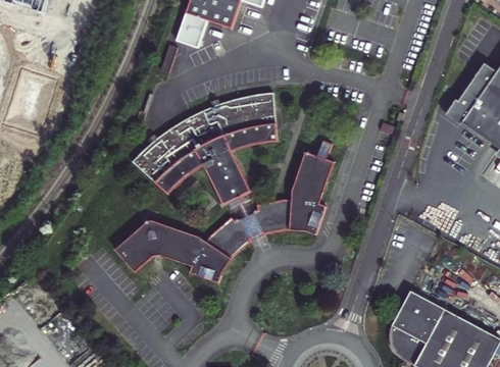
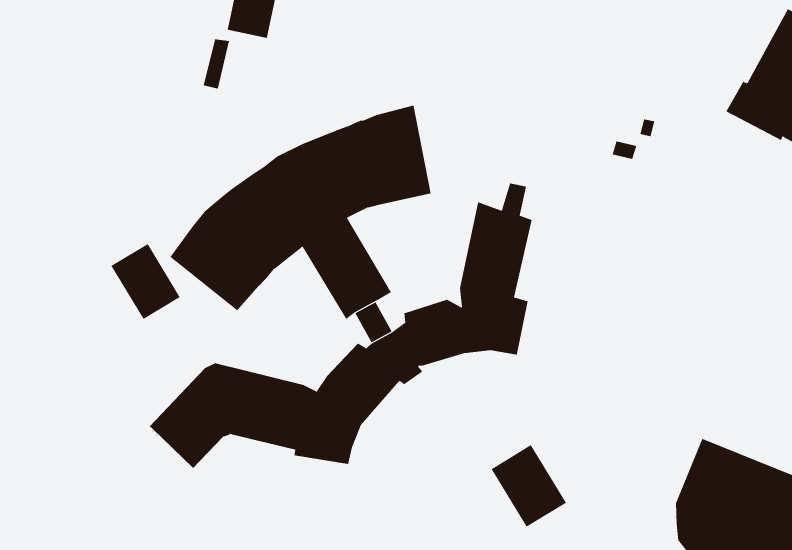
building: none -> [111,243,181,320]
building: none -> [491,444,567,528]

